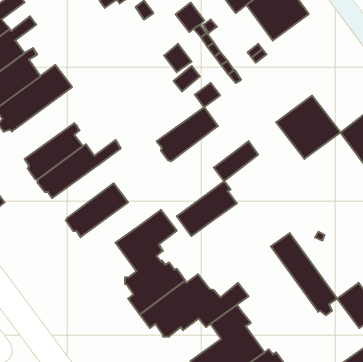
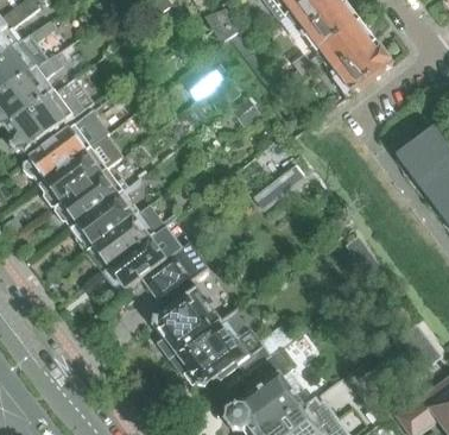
building: none -> [25,111,112,183]
building: [276,96,340,159] -> [321,20,393,92]
building: [157,107,218,161] -> [72,189,141,250]
building: [177,181,237,236] -> [105,232,172,294]
building: [271,233,337,315] -> none

